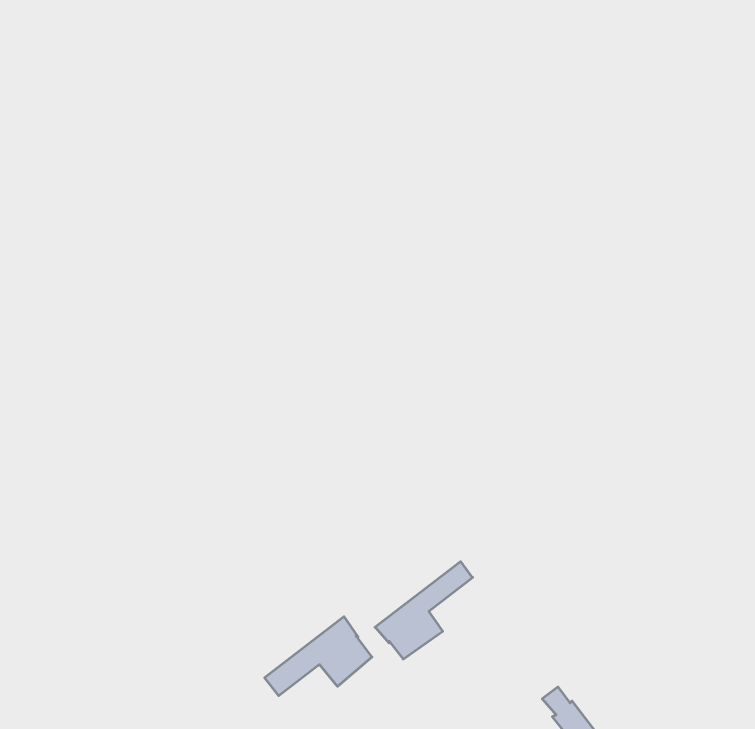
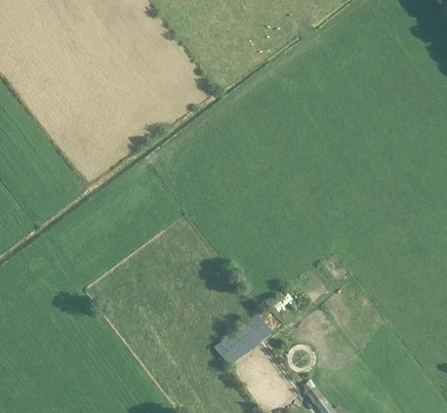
building: [265,617,372,696] -> none

